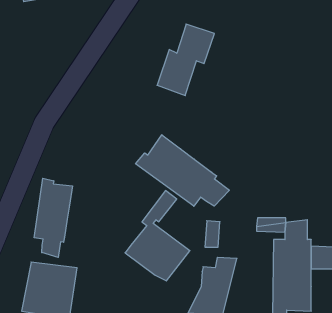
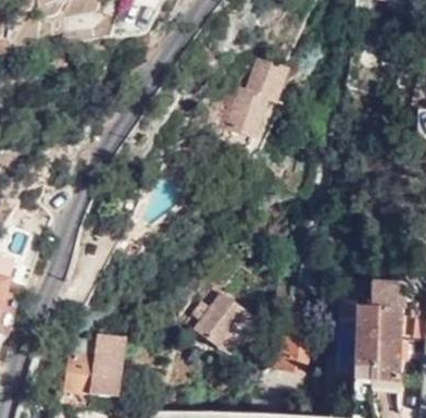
building: [136,135,229,206] -> none
building: [34,178,72,257] -> none

